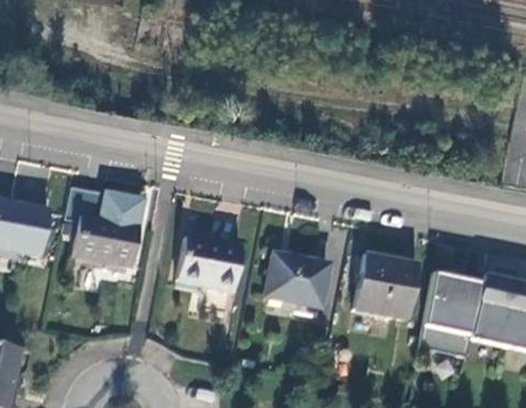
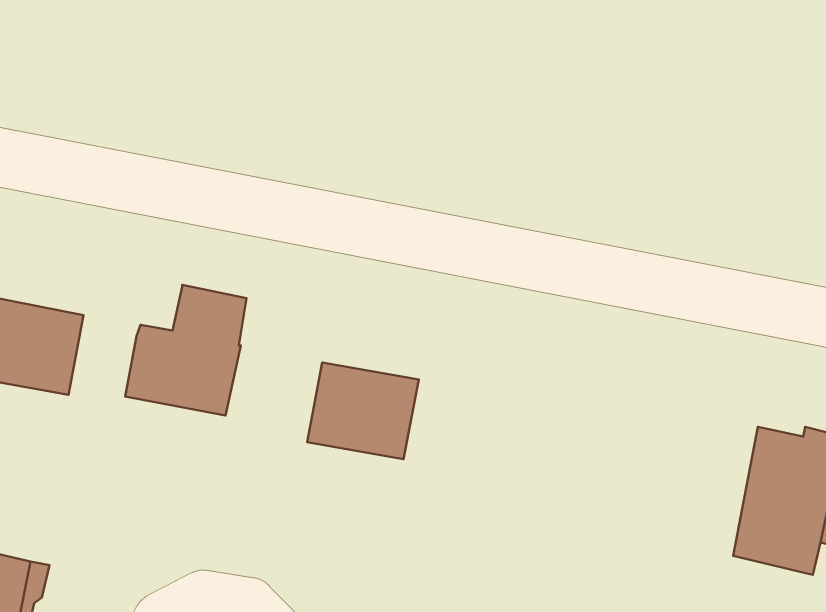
building: [65,186,105,220] -> none
building: [262,252,332,307] -> none
building: [354,255,415,320] -> none

